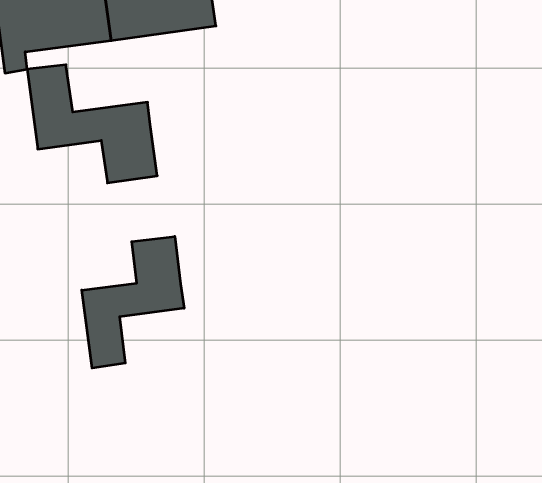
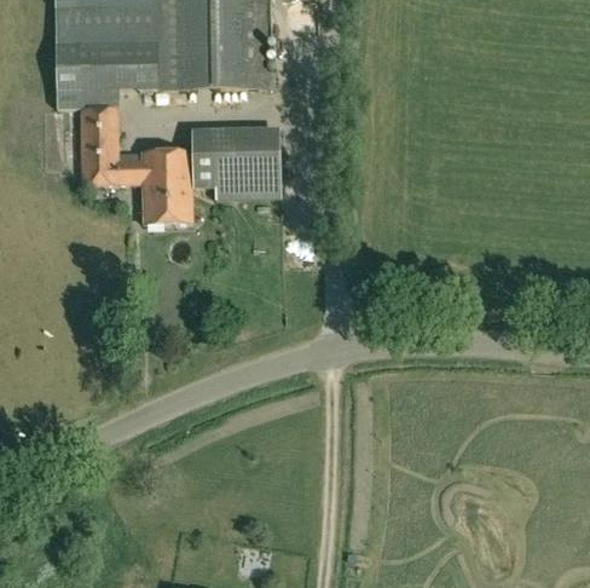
building: none -> [203,137,288,200]
building: [82,236,184,368] -> none

